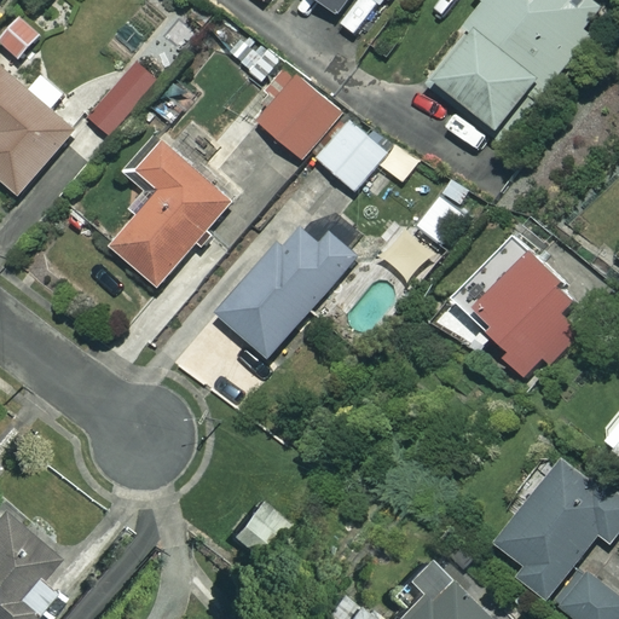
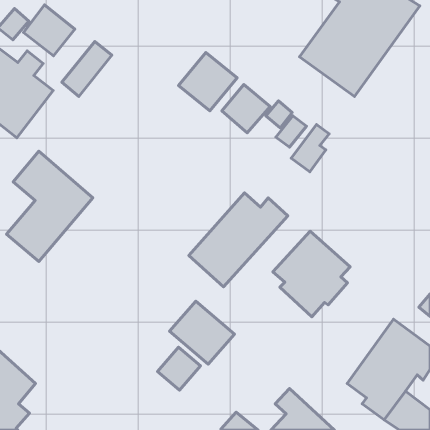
building: none -> [23,5,75,56]
building: [109,129,232,287] -> [7,151,93,261]
building: [215,224,357,358] -> [189,193,288,287]
building: [474,255,584,377] -> [273,231,350,317]
building: none -> [170,301,234,364]

